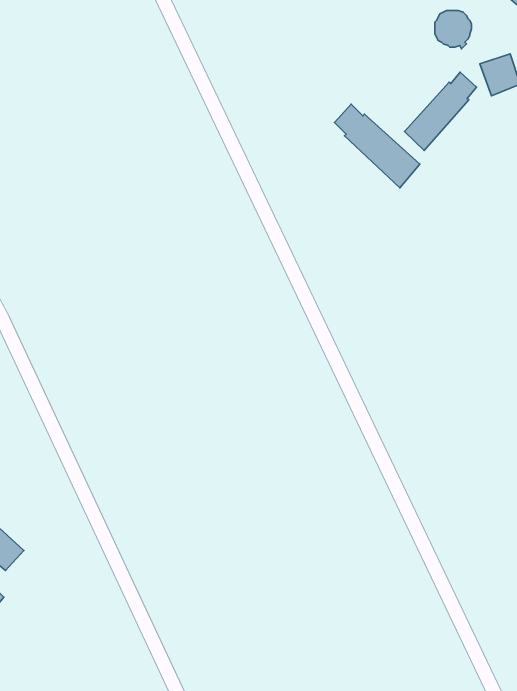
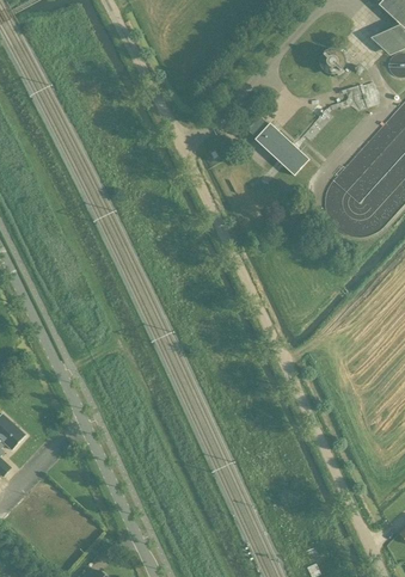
building: [405,72,477,150] -> none

